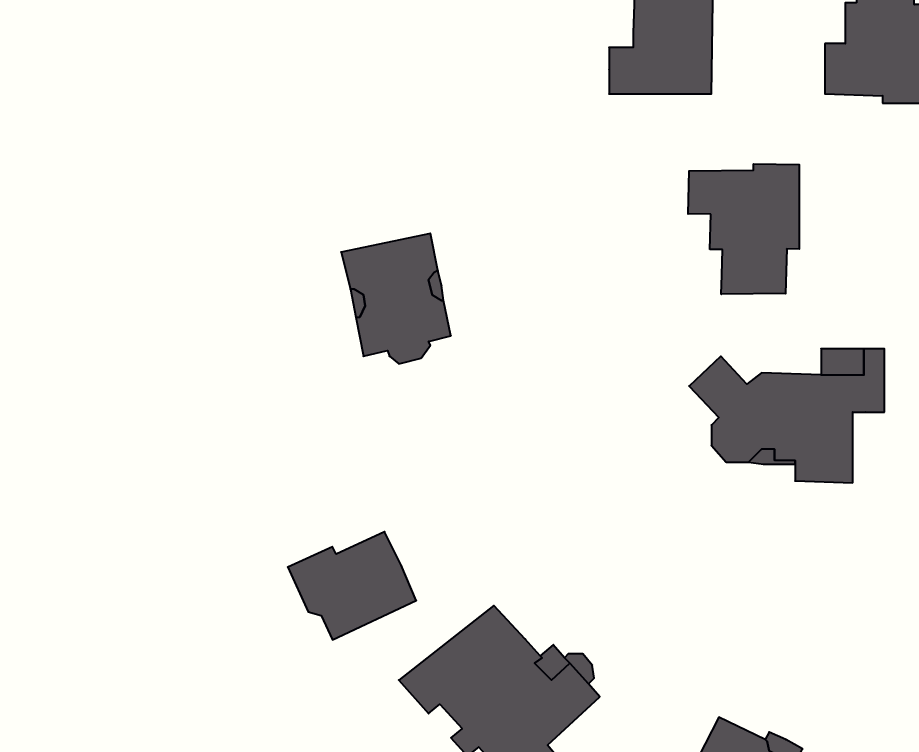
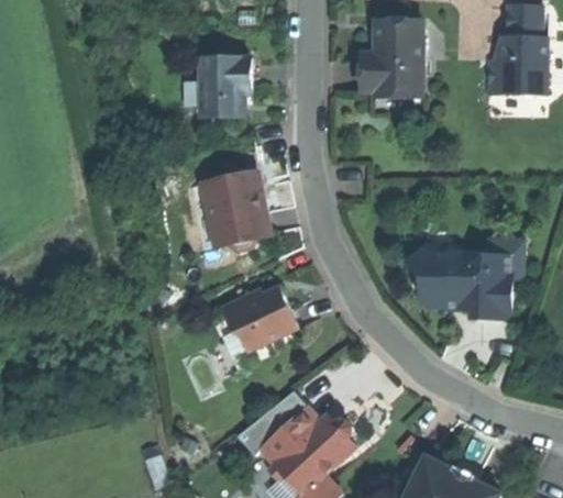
building: none -> [198,56,250,115]
building: [688,164,799,294] -> none
building: [288,532,416,640] -> [221,286,297,350]

